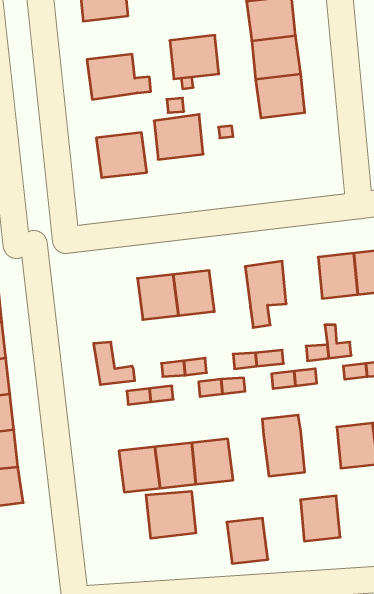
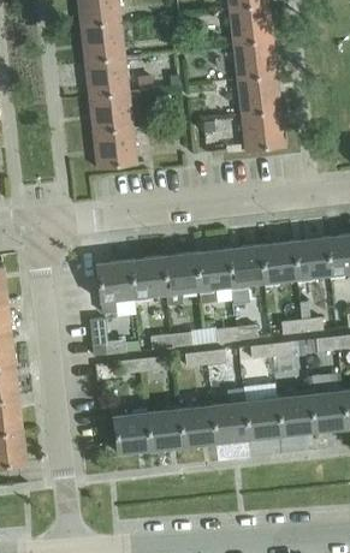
building: [170,35,219,79] -> [79,23,124,63]
building: none -> [241,111,285,153]
building: [154,114,203,159] -> [88,93,132,133]
building: none -> [260,242,296,284]
building: none -> [194,250,231,301]
building: none -> [95,261,134,302]
building: [146,491,196,538] -> none
building: [300,496,340,541] -> [277,396,313,436]
building: [227,518,268,563] -> [210,403,248,444]

